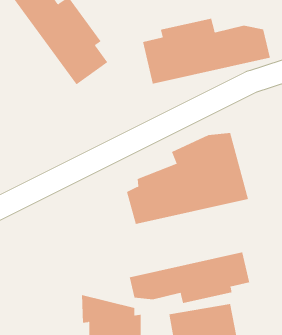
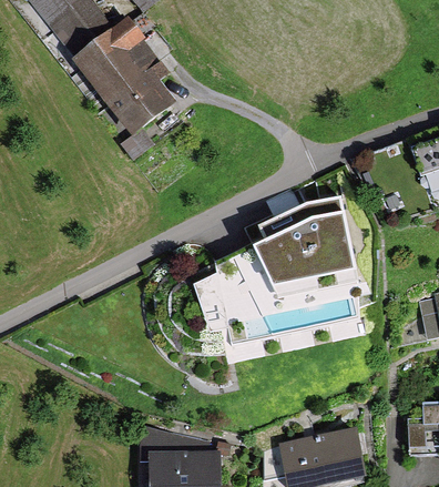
building: [143,18,270,84] -> none
building: [129,252,250,304] -> none

